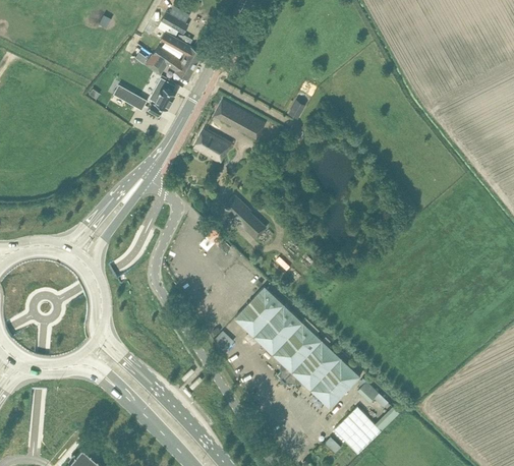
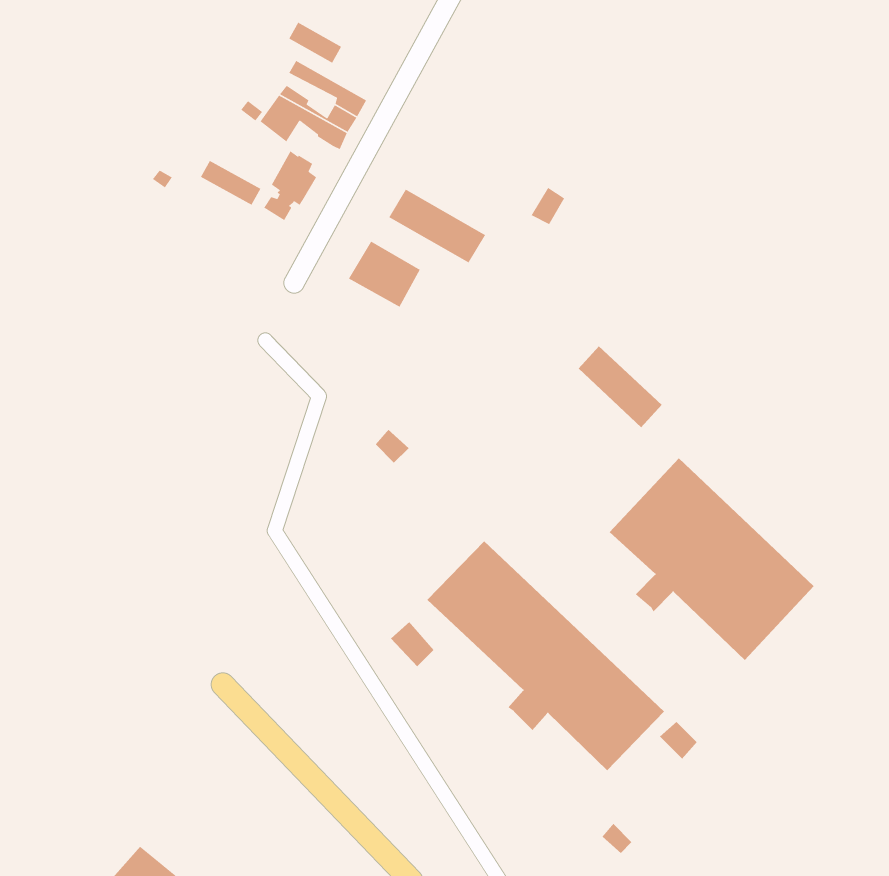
building: [222,197,267,241] -> [578,345,662,428]
building: none -> [609,457,815,661]
building: [333,407,398,454] -> none

